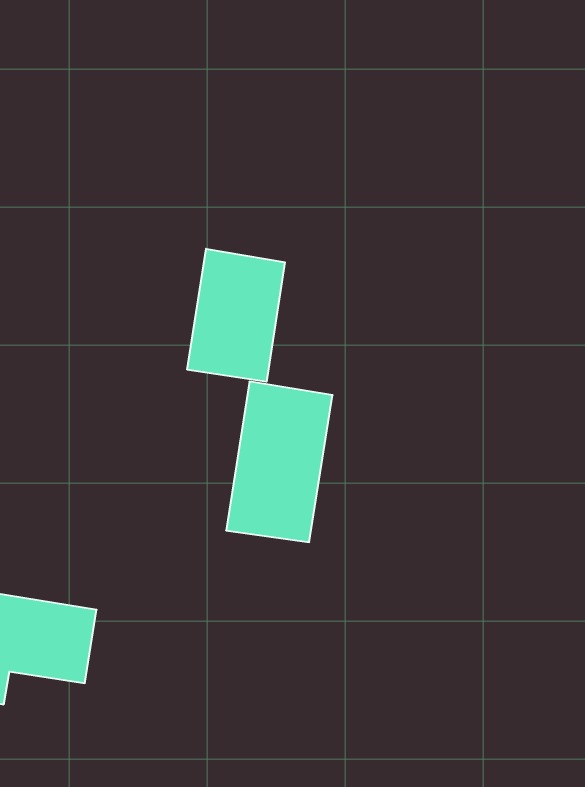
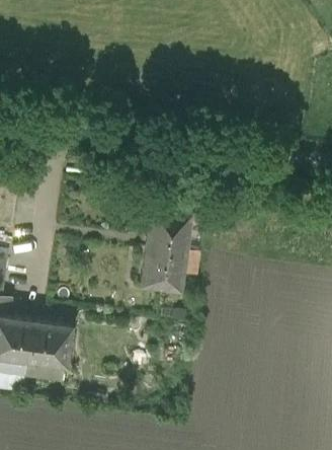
building: [187,249,285,382] -> none

